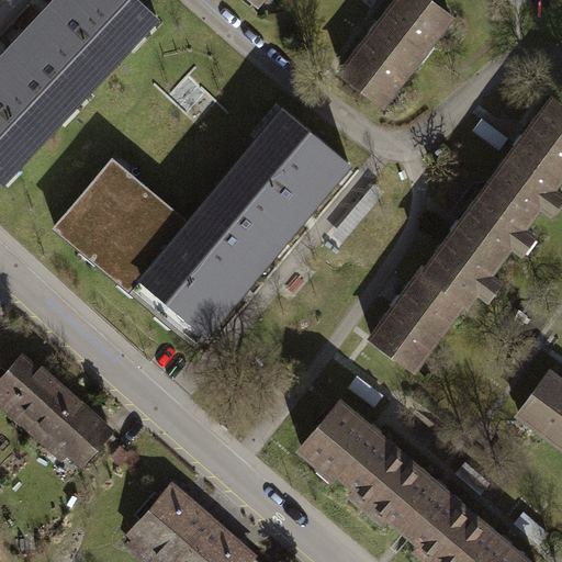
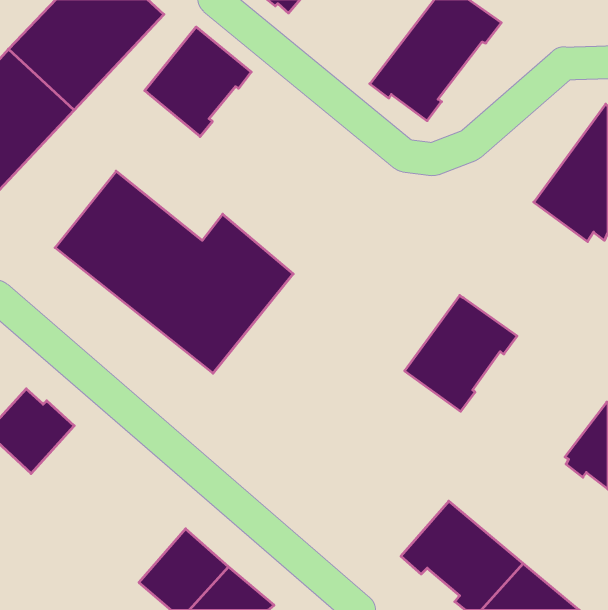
building: none -> [145,27,251,137]
building: [204,103,345,251] -> none
building: [425,186,541,308] -> none
building: [29,391,116,472] -> none
building: [300,402,412,510] -> none

